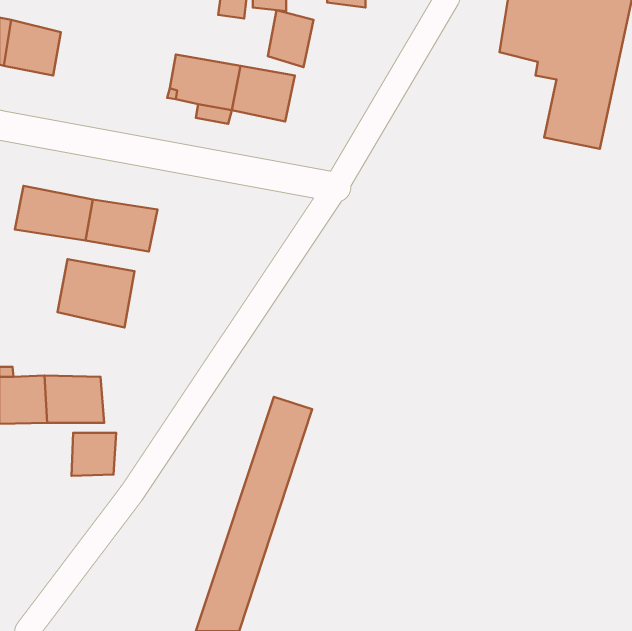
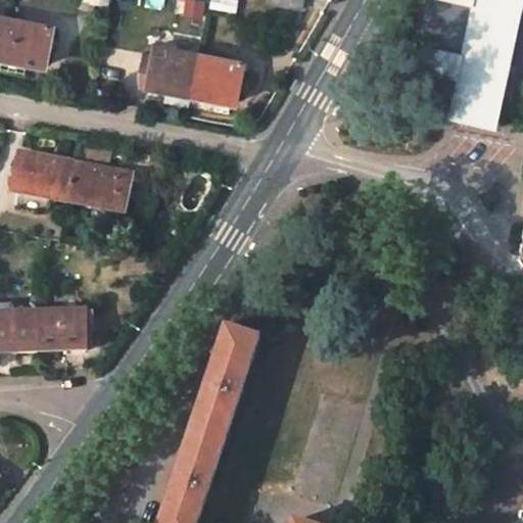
building: [268,10,313,67] -> none
building: [58,259,134,328] -> none
building: [71,433,116,476] -> none

